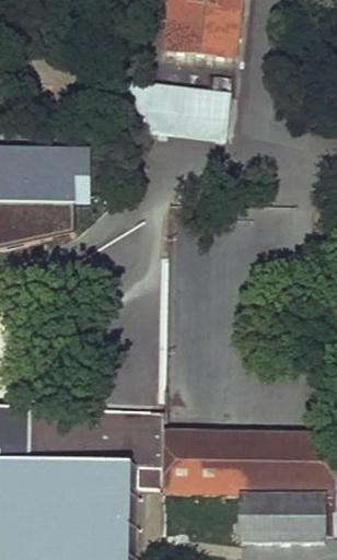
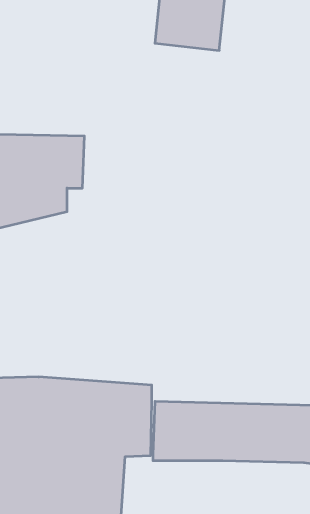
building: [113,82,234,138] -> none
building: [241,498,328,544] -> none

